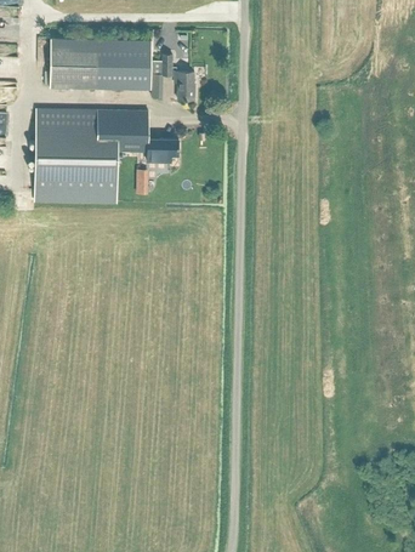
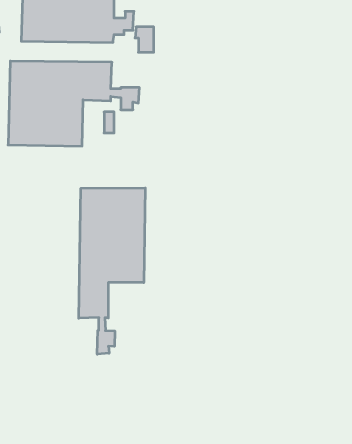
building: none -> [79,188,145,354]

